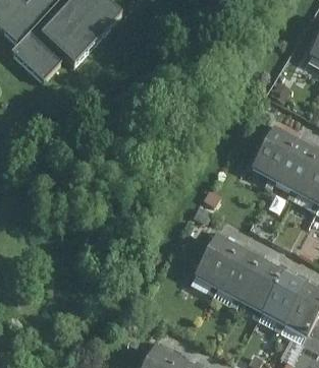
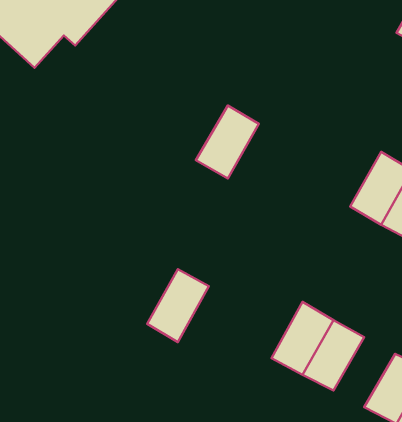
building: [252,125,298,178] -> [196,105,259,178]
building: [196,235,241,288] -> [147,269,209,342]
building: [263,272,308,323] -> none

